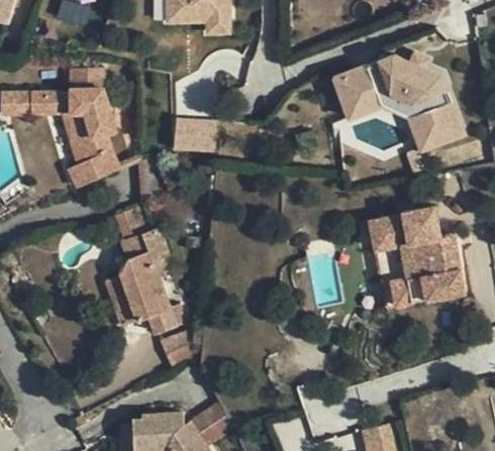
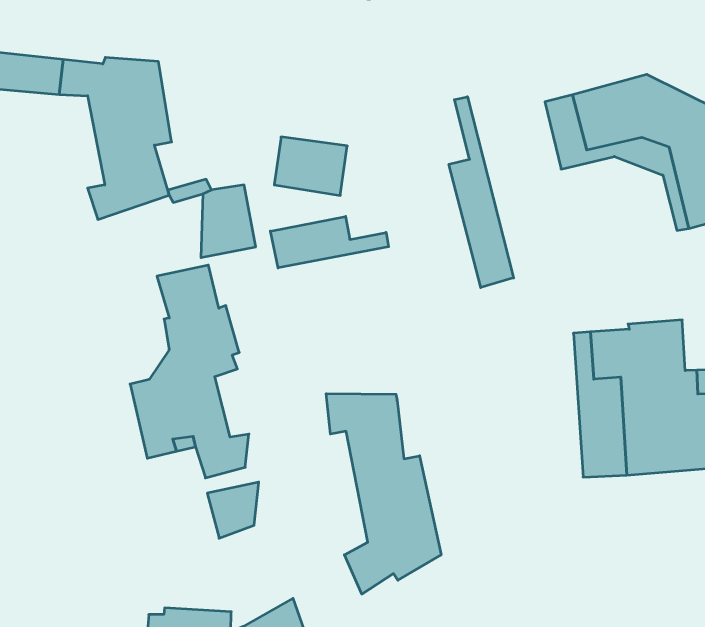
building: none -> [449,97,514,288]
building: none -> [270,216,389,268]
building: none -> [326,394,441,594]

